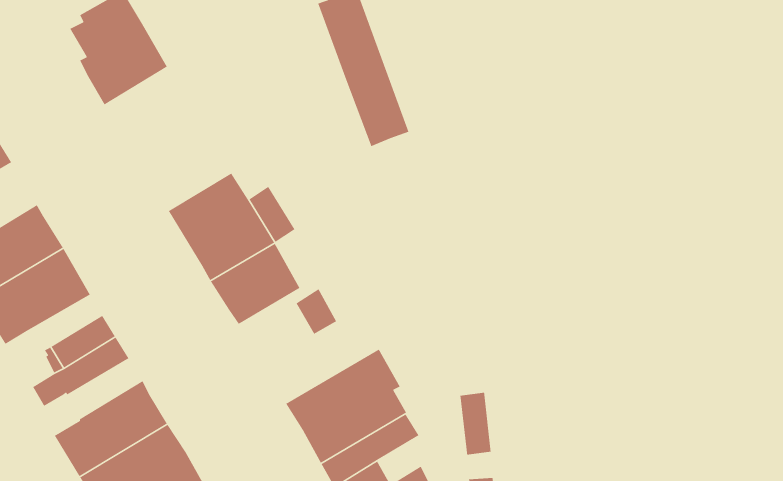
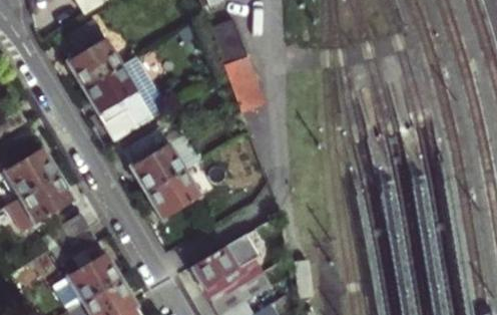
building: none -> [82,55,168,140]

